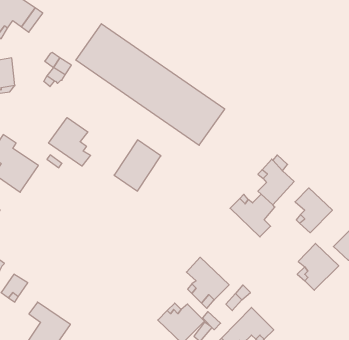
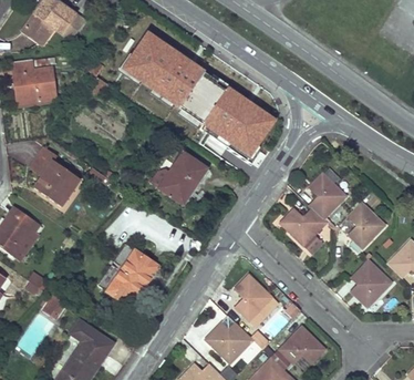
building: [49,118,91,166] -> none
building: none -> [97,244,158,307]

